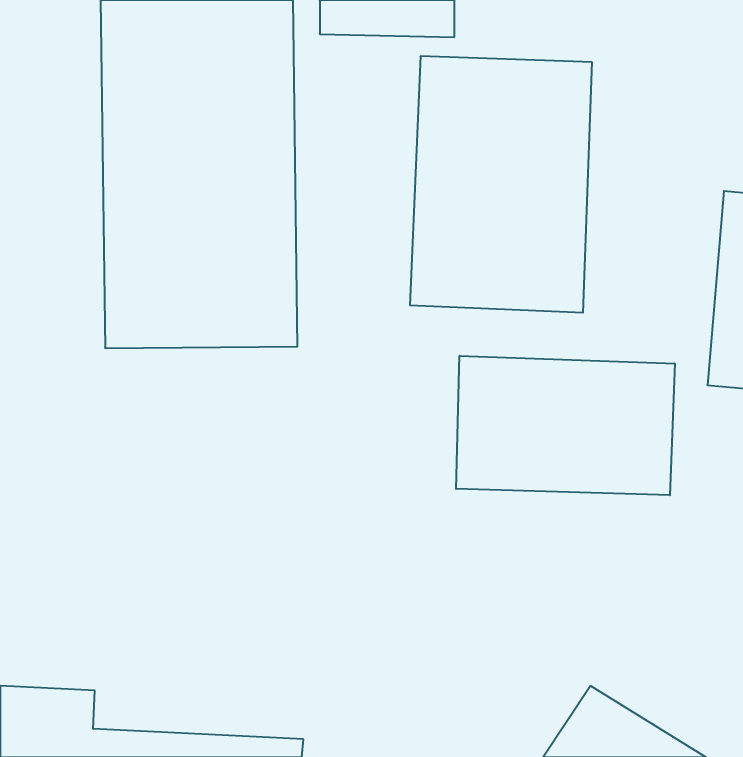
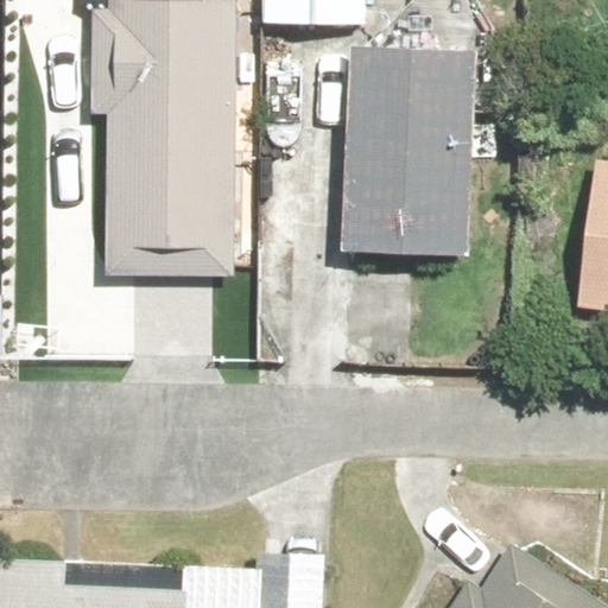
building: [456,356,675,495] -> none

